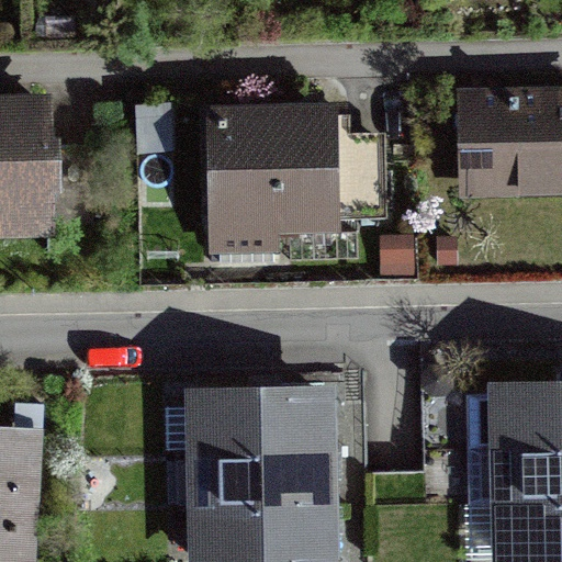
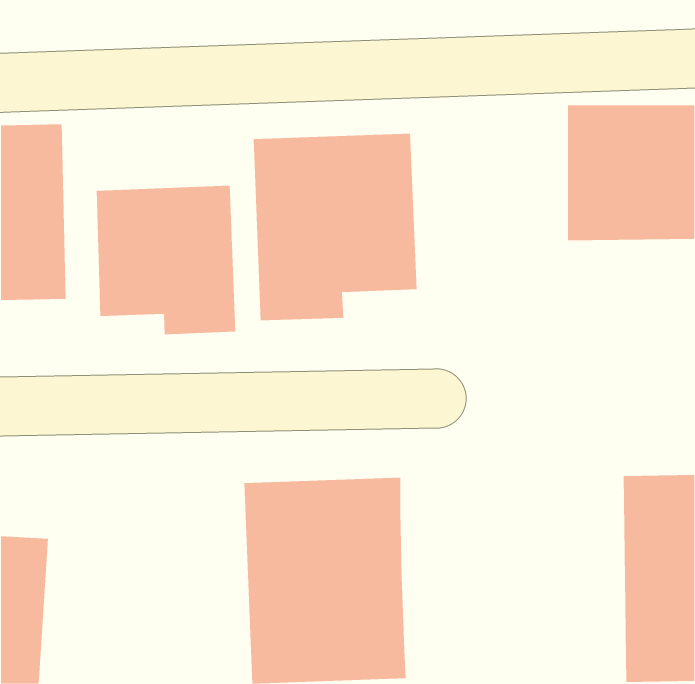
building: none -> [96,185,236,335]

